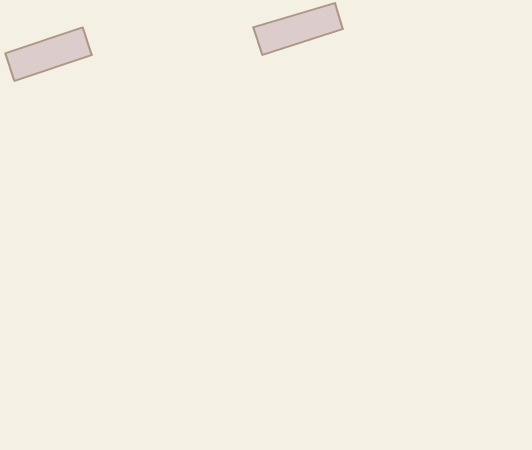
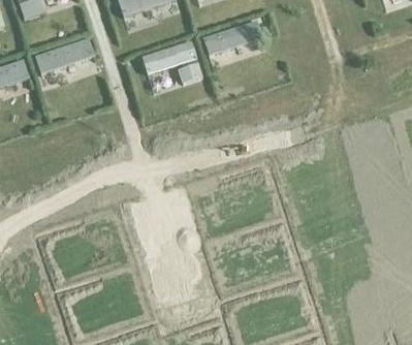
building: none -> [141,41,202,84]

